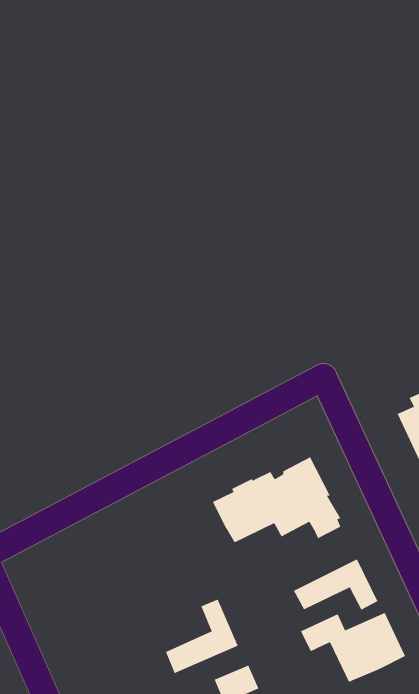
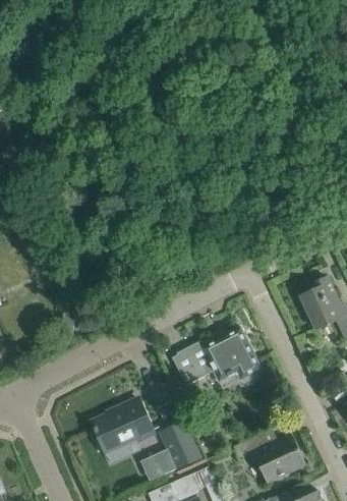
building: [293,558,378,611] -> none
building: none -> [92,399,155,455]

